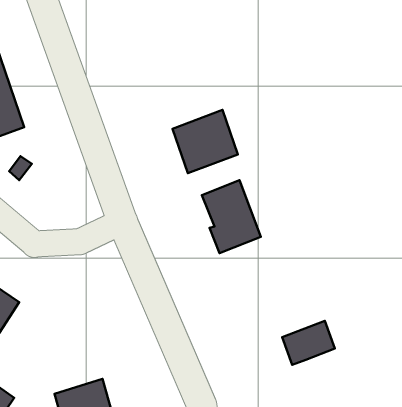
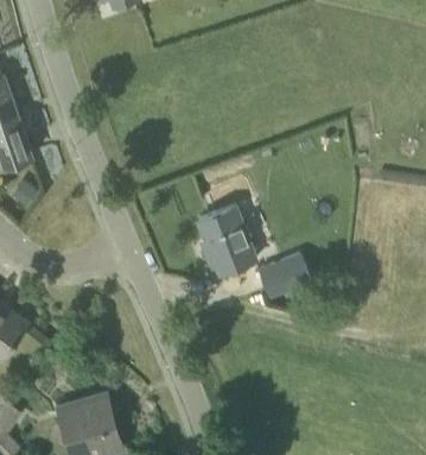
building: [173,110,238,173] -> none
building: [282,321,335,365] -> [260,255,310,297]

